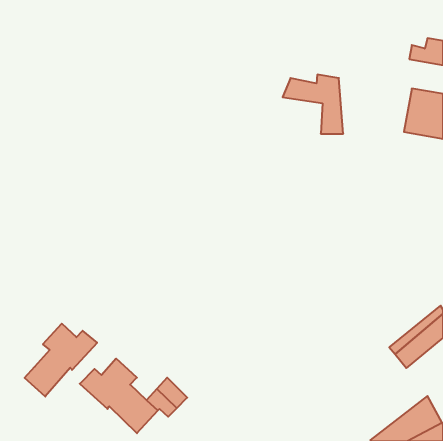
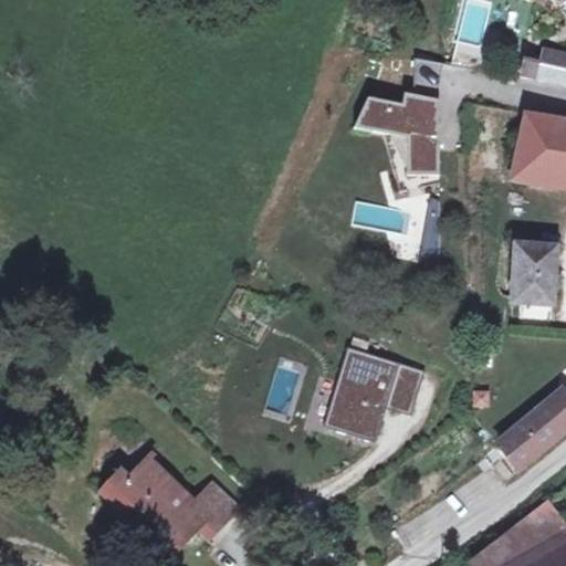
building: none -> [513,244,555,303]
building: none -> [329,352,419,433]
building: [25,324,97,397] -> none

